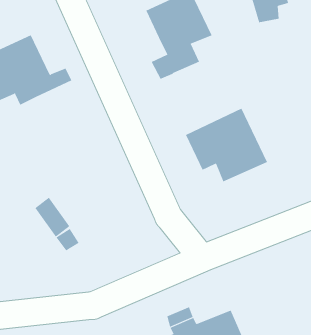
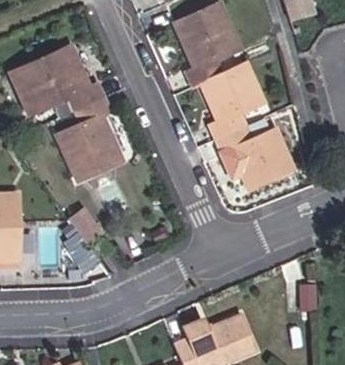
building: none -> [199,62,259,140]
building: none -> [49,88,113,170]

